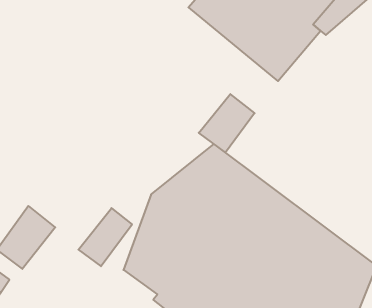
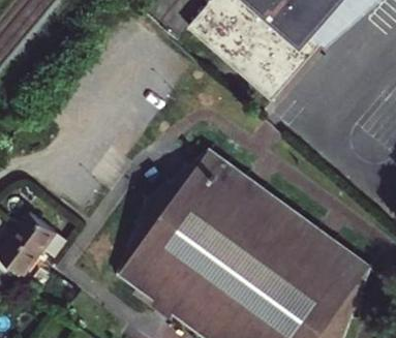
building: [199,94,255,152] -> none
building: [78,208,132,266] -> none

